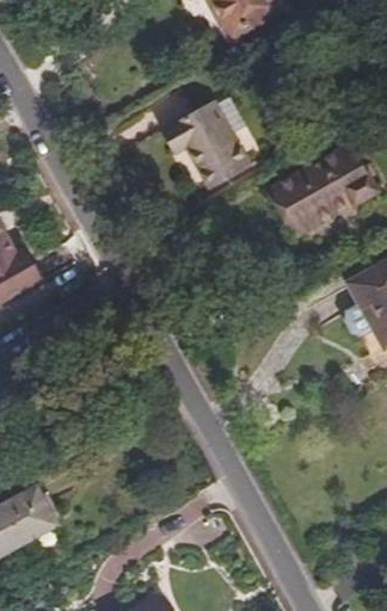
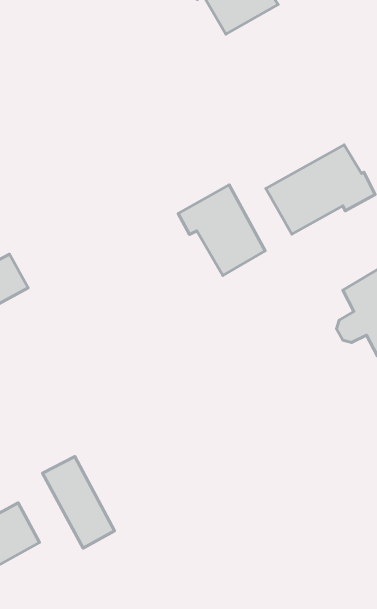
building: [166,100,250,187] -> [178,185,265,276]
building: none -> [42,457,115,548]

